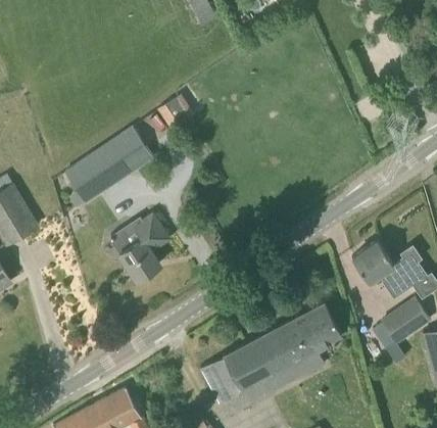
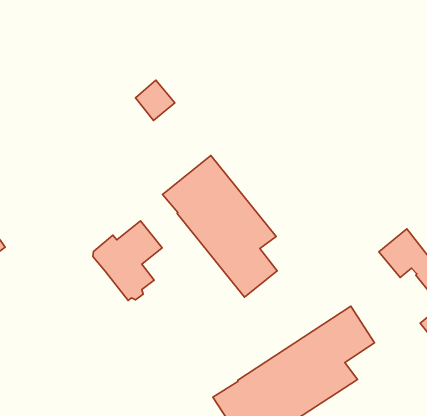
building: [65,128,154,203] -> none
building: none -> [162,156,277,297]

